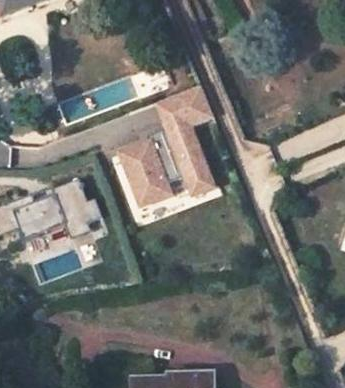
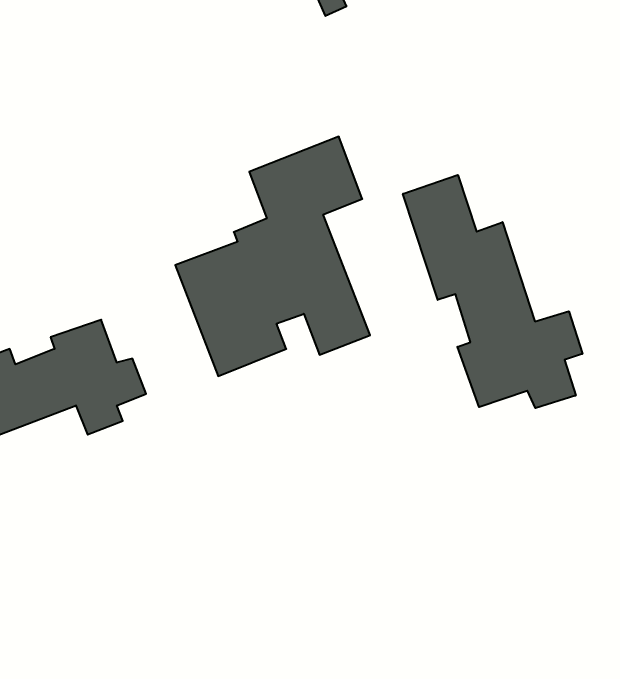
building: none -> [403,175,582,408]

